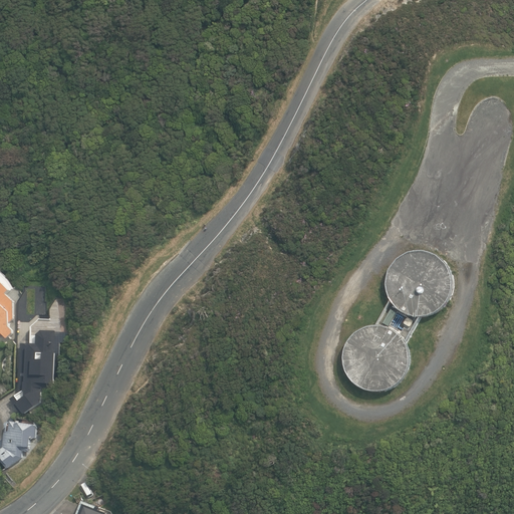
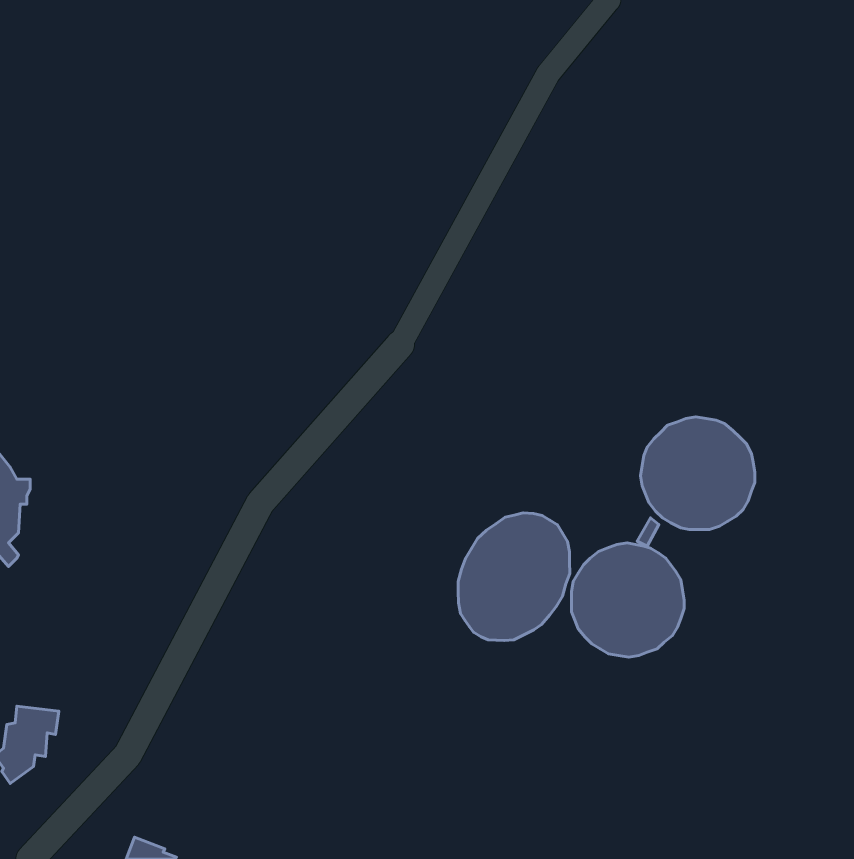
building: none -> [458,513,570,640]
building: [8,318,63,415] -> none

